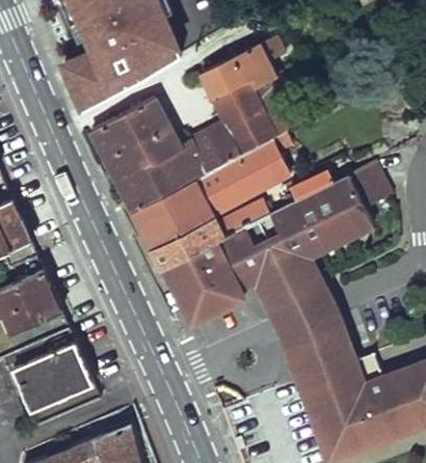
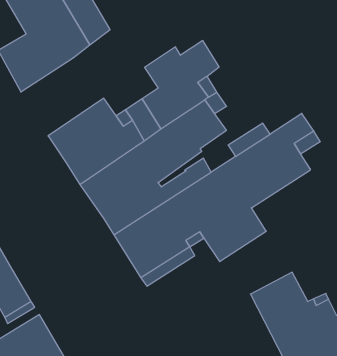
building: [199,44,276,99] -> none
building: [89,99,166,158] -> none
building: [266,282,340,349] -> none

